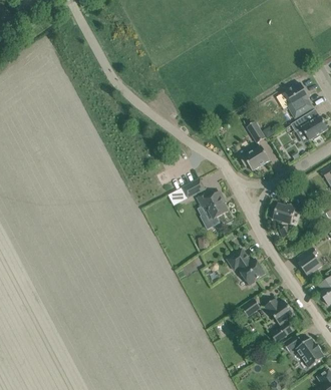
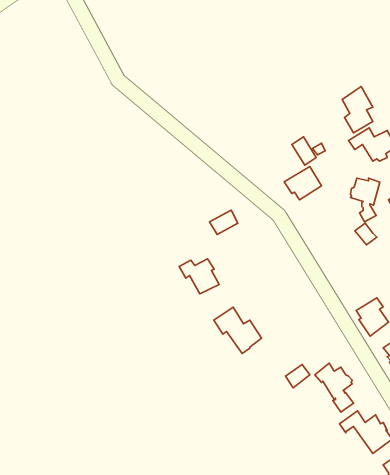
building: [198,191,229,219] -> [179,259,219,294]
building: [273,204,296,238] -> [350,178,380,222]
building: [228,249,265,285] -> [214,307,261,353]

